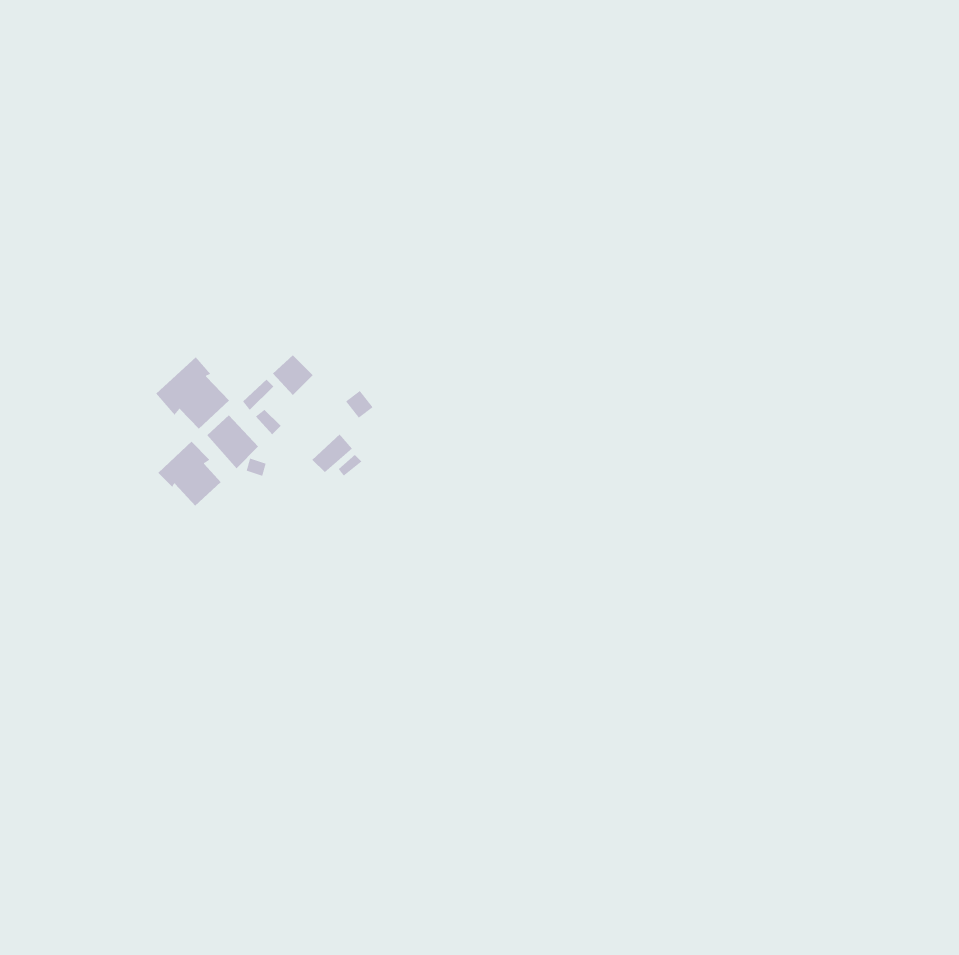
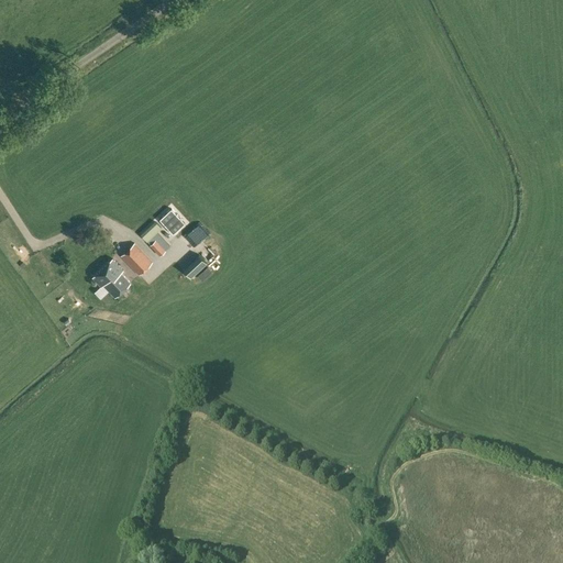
building: [155,356,230,429] -> none

